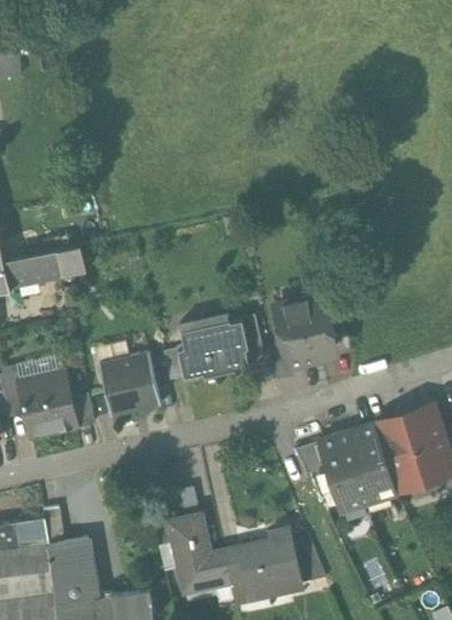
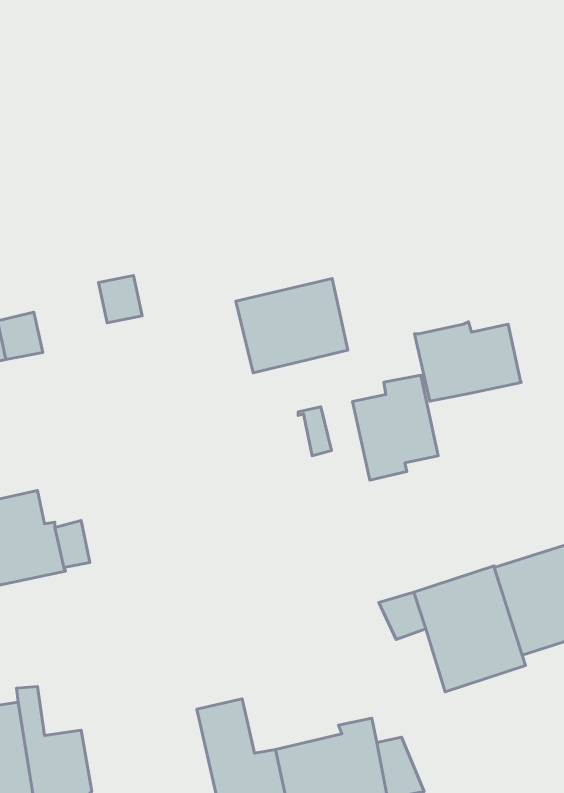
building: [56,243,86,276] -> [98,276,142,323]
building: none -> [415,322,521,401]
building: [168,318,246,384] -> [236,279,348,373]
building: [99,351,161,415] -> none

